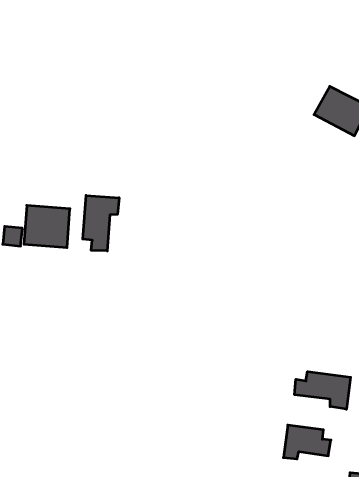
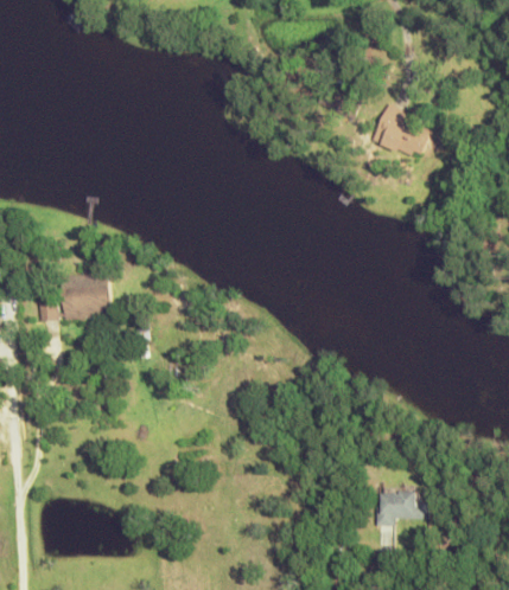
building: [83,195,119,251] -> none
building: [295,372,351,409] -> none

